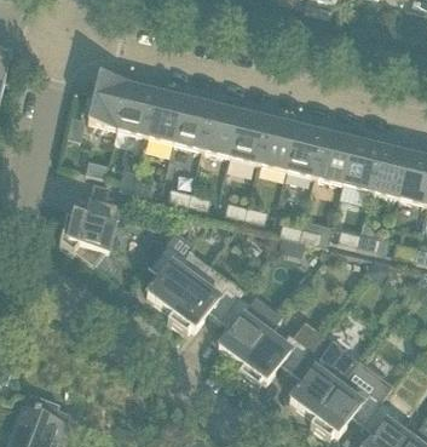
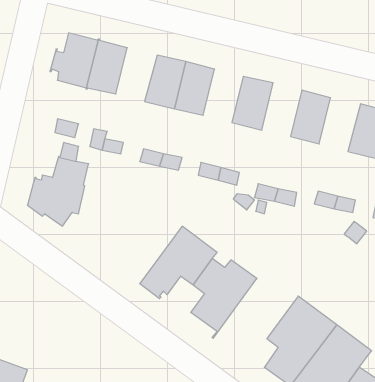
building: [145,90,185,142] -> none
building: [230,110,269,162] -> none
building: [287,124,325,176] -> none
building: [342,138,382,190] -> none
building: [146,242,209,319] -> none
building: [240,320,322,386] -> none

